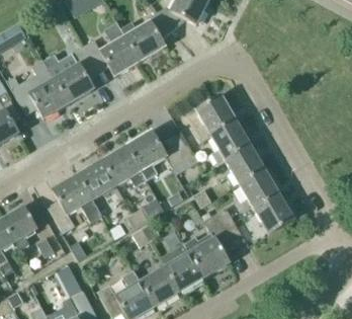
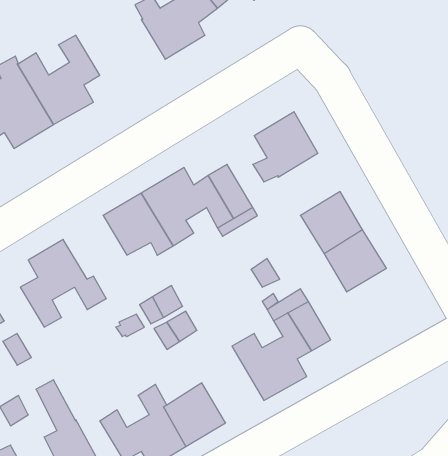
building: [82,36,139,76] -> none
building: [210,122,250,164] -> none
building: [74,161,114,202] -> none
building: [254,194,293,234] -> none
building: [159,244,201,293] -> none

